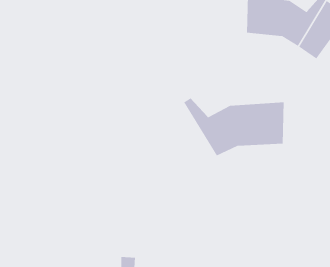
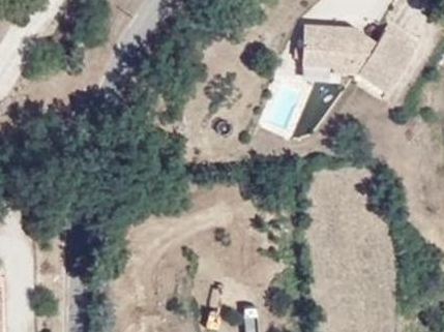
building: [183,97,284,157] -> none

